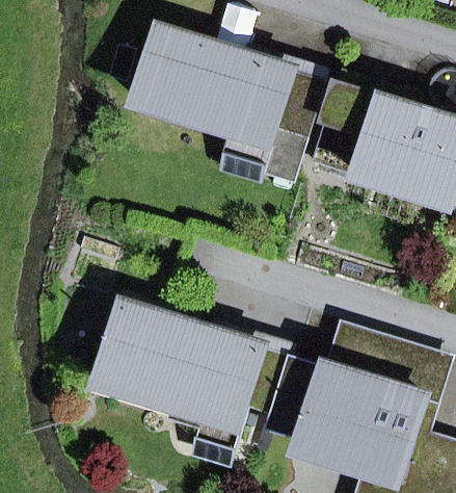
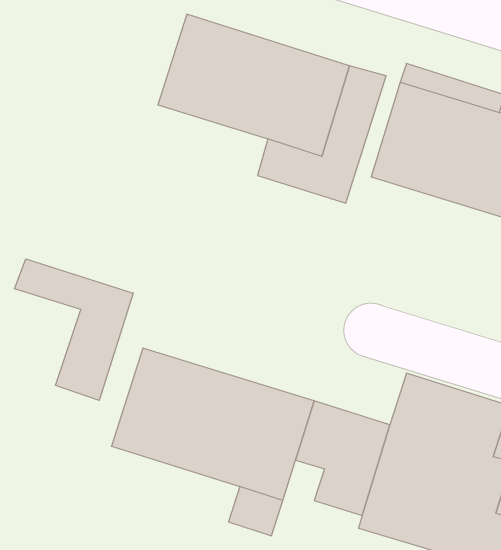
building: none -> [15,259,133,400]

